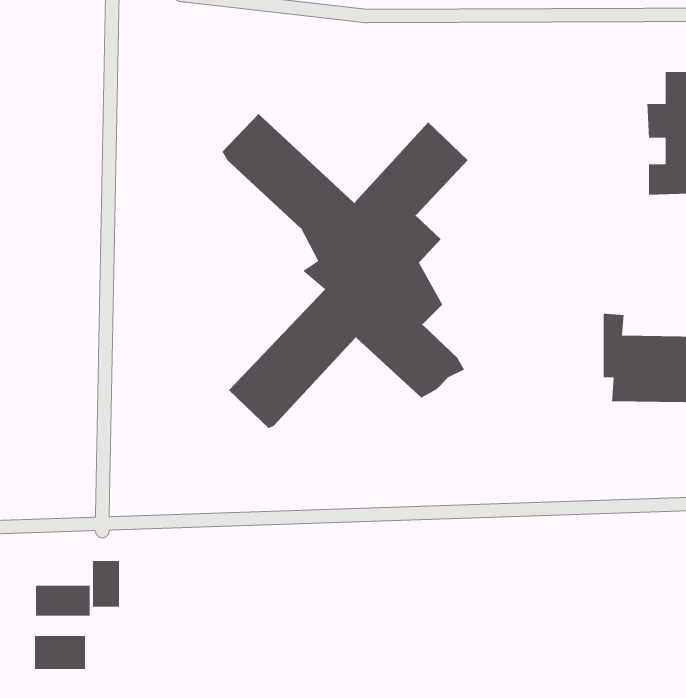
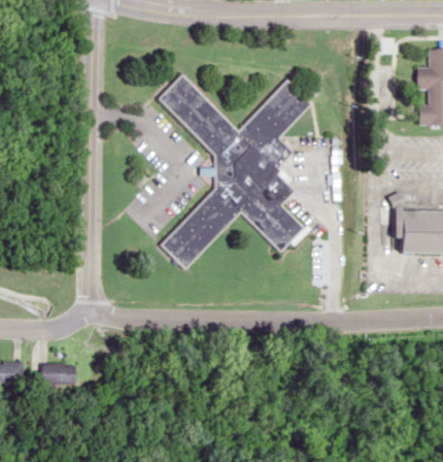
building: [92,560,120,608] -> none
building: [34,635,86,670] -> none

